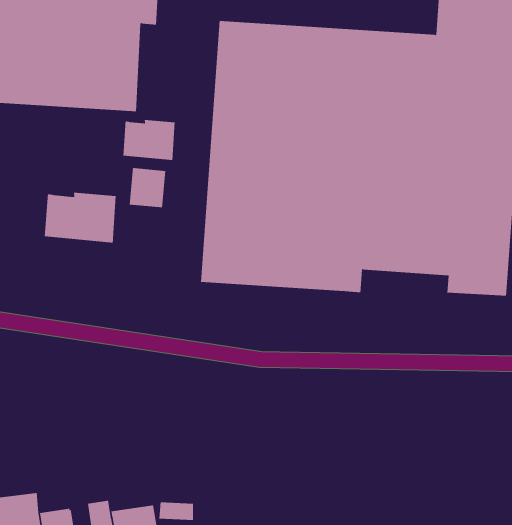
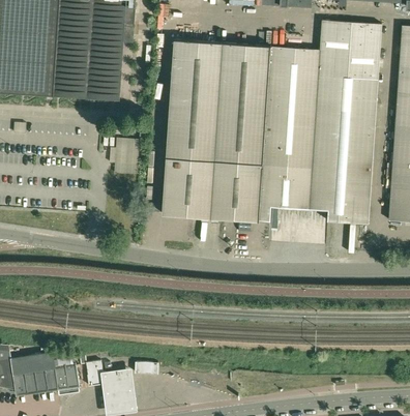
building: [123,119,175,161] -> none
building: [44,192,116,243] -> none

